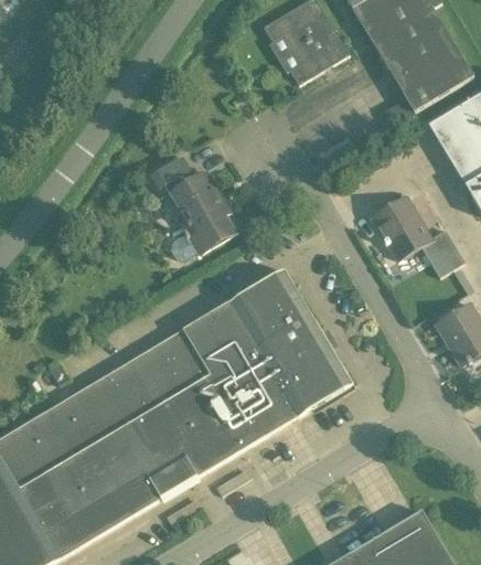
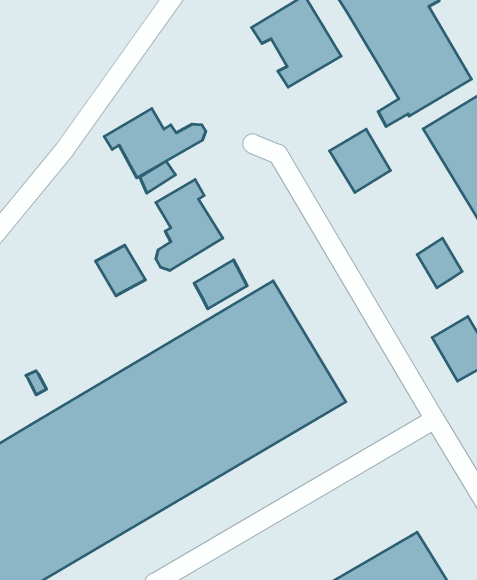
building: none -> [104,109,206,178]
building: [372,198,430,258] -> [329,129,390,192]
building: none -> [96,245,145,296]
building: none -> [194,260,247,309]

